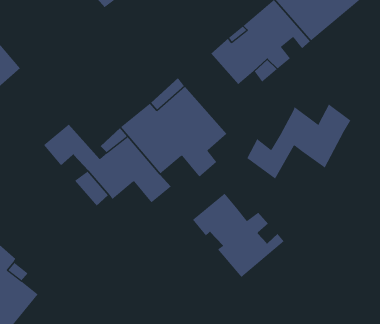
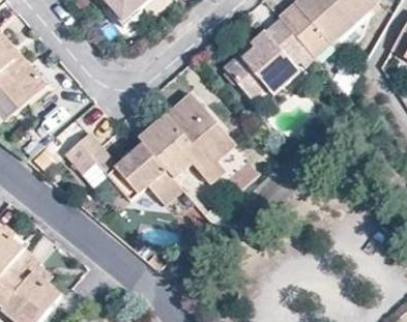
building: [247,103,351,180] -> none
building: [192,193,285,278] -> none

